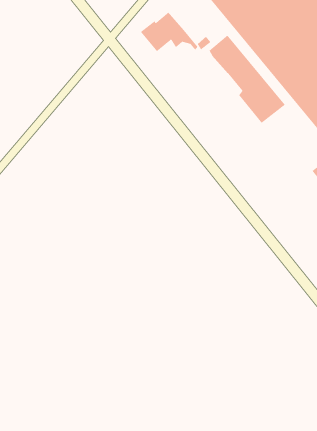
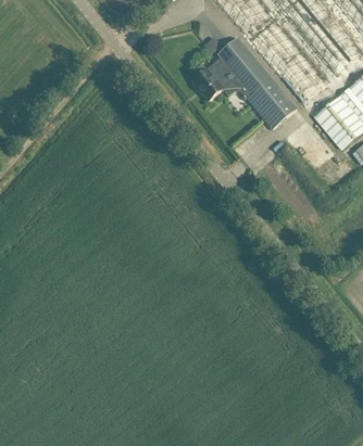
building: [140,12,198,52] -> [191,59,251,100]

